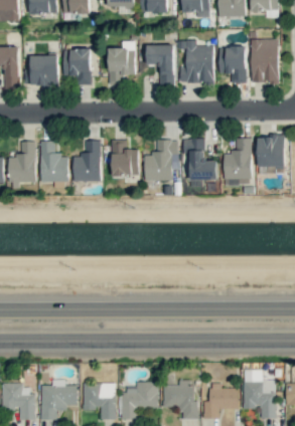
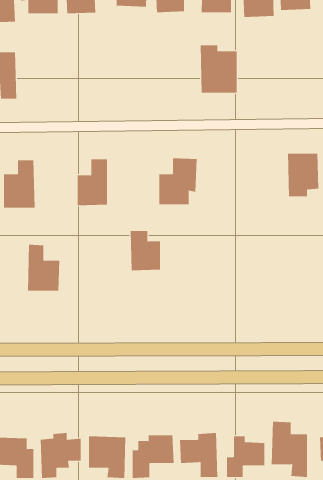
building: [250,39,279,83] -> none
building: [108,41,135,82] -> none
building: [146,45,174,85] -> none
building: [218,47,246,83] -> none
building: [63,49,91,85] -> none
building: [30,56,58,85] -> none
building: [224,138,251,185] -> none
building: [182,139,216,180] -> none
building: [39,141,68,182] -> [27,244,60,291]
building: [111,141,138,176] -> [130,231,161,271]

